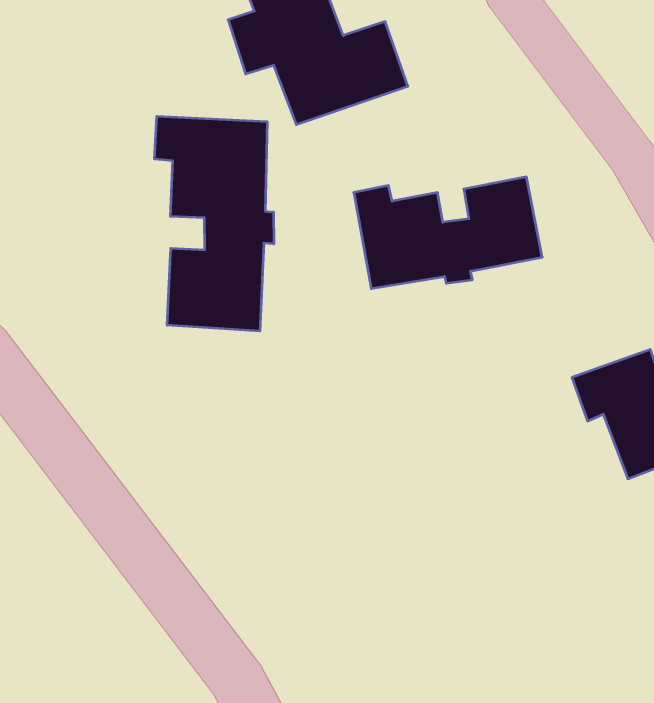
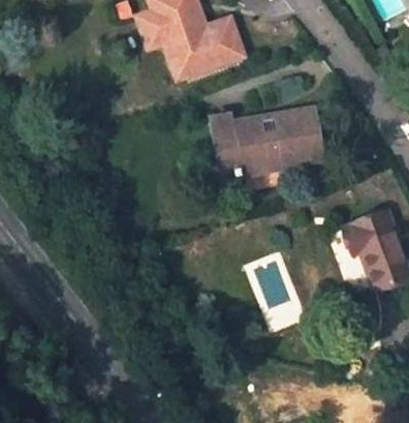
building: [155,116,274,331] -> none

